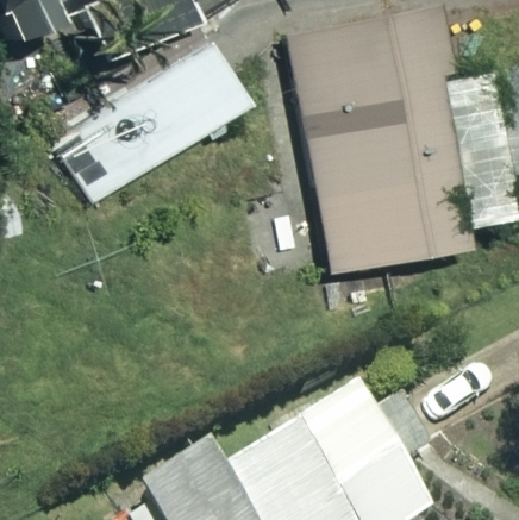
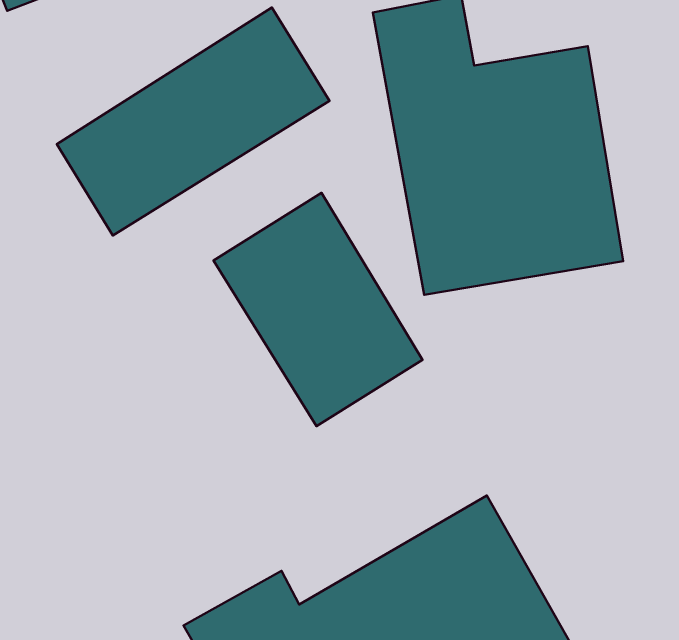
building: none -> [213,193,423,426]

